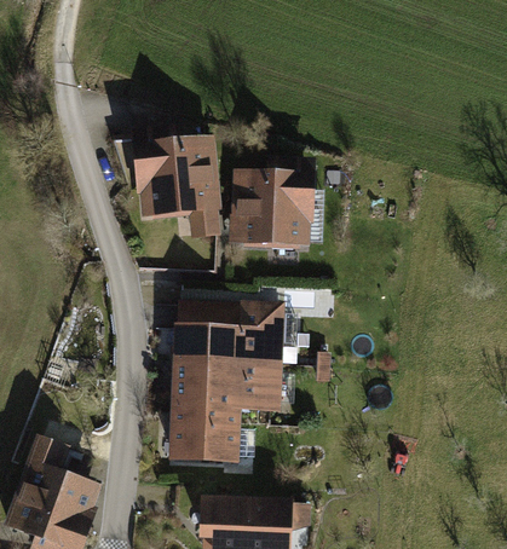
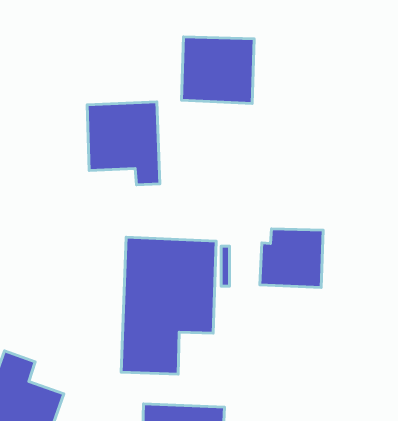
building: [227,167,313,245] -> [181,37,254,103]
building: none -> [260,229,323,287]

